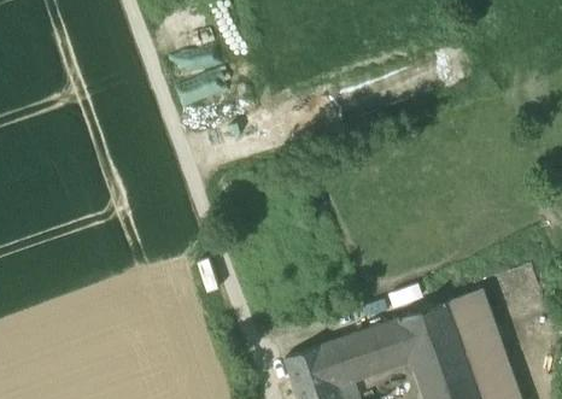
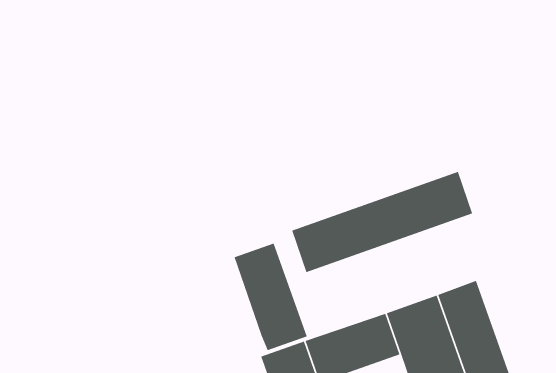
building: none -> [291,171,473,273]
building: none -> [234,242,308,351]

